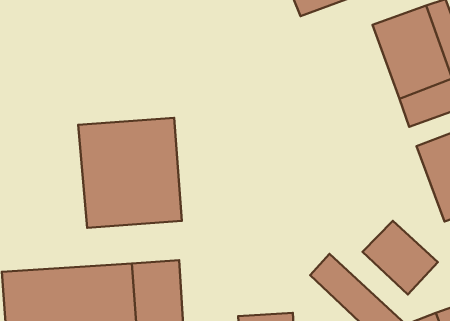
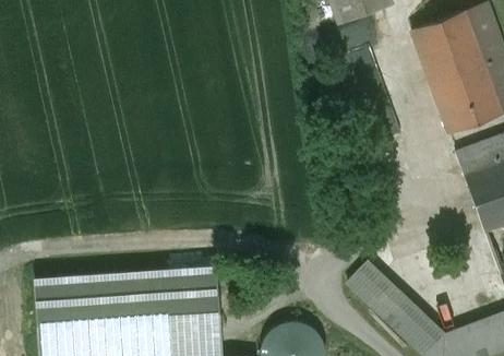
building: [78,118,182,228] -> none
building: [362,221,438,294] -> none

